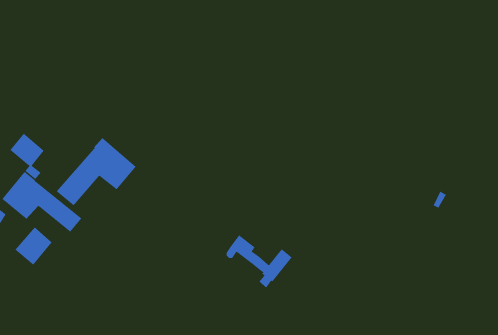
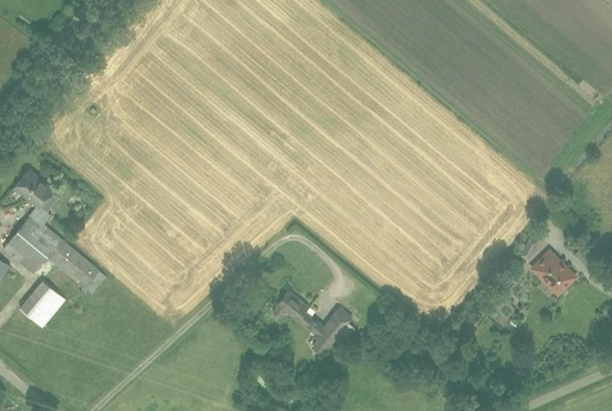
building: [56,137,137,206] -> none
building: none -> [534,252,573,293]

